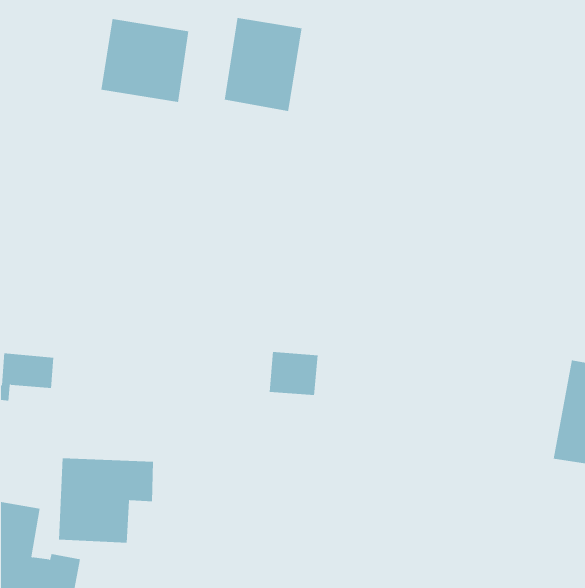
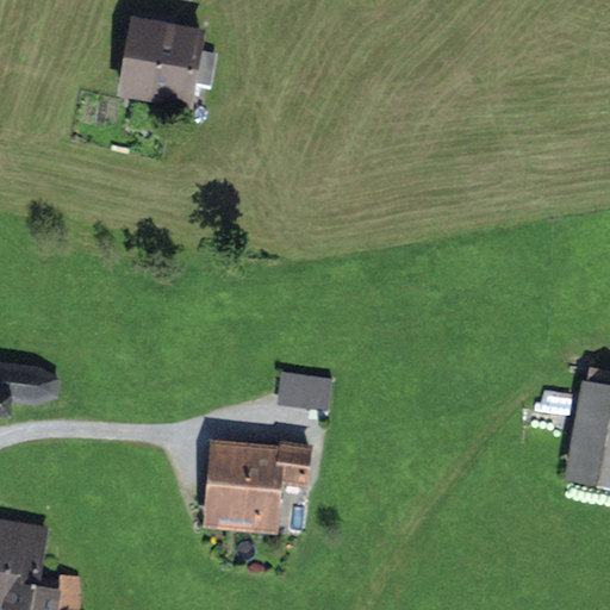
building: [224,17,302,112] -> none
building: [58,458,154,543] -> [201,441,300,529]

